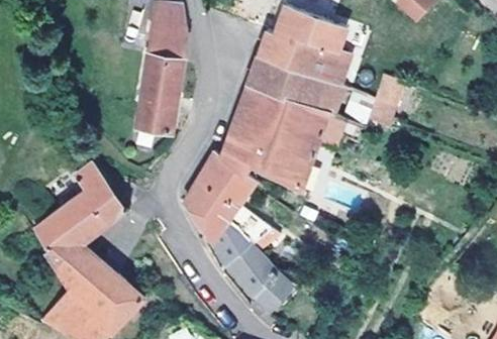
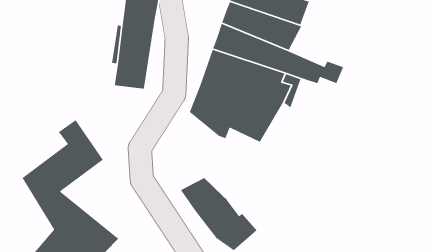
building: [185,152,280,250] -> none

